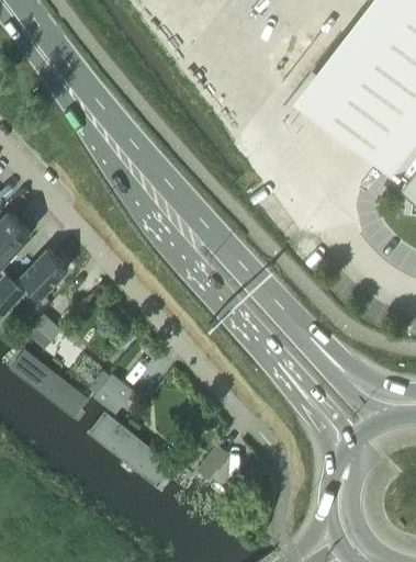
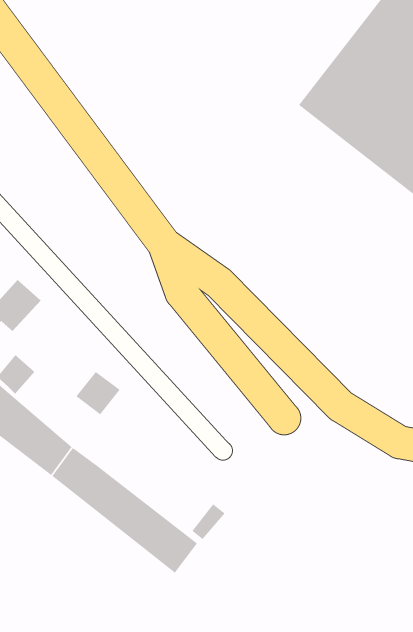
building: [94,375,134,414] -> [76,371,121,415]

